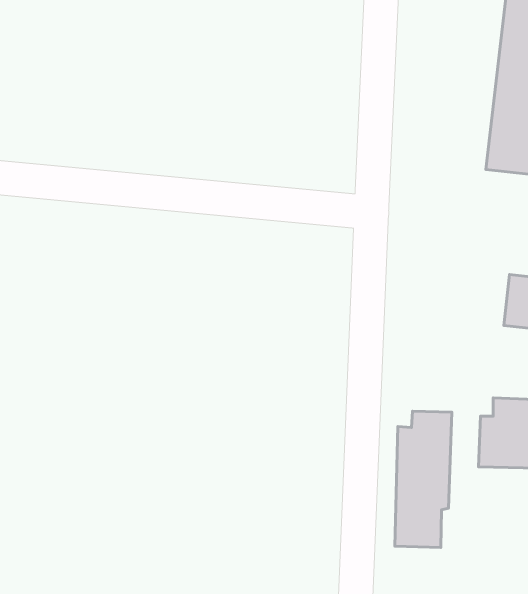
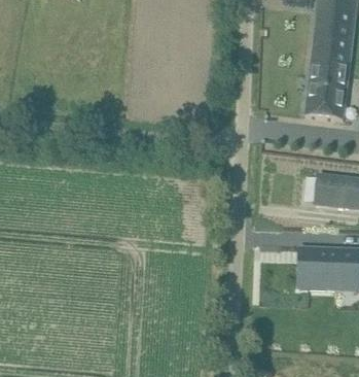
building: [395,411,452,547] -> none

